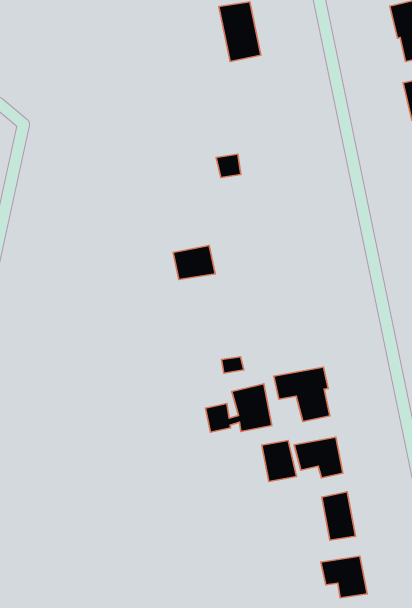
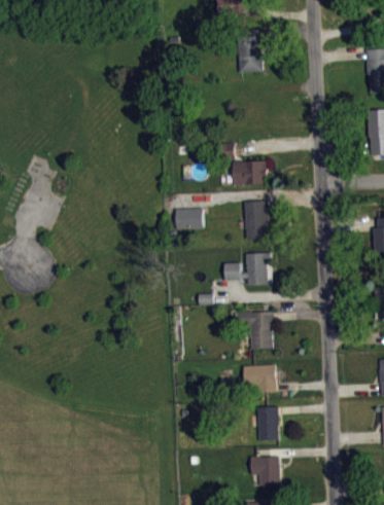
building: none -> [233,161,267,185]
building: none -> [244,201,269,240]
building: [206,384,272,432] -> [223,252,271,285]
building: [262,440,296,482] -> none

